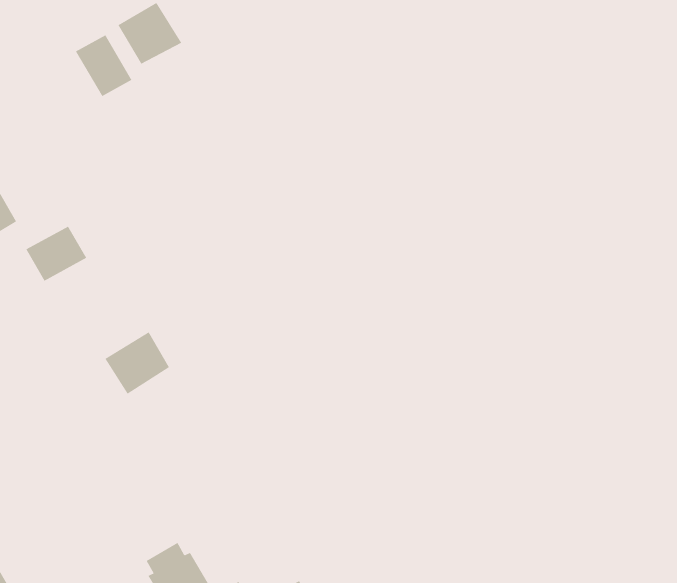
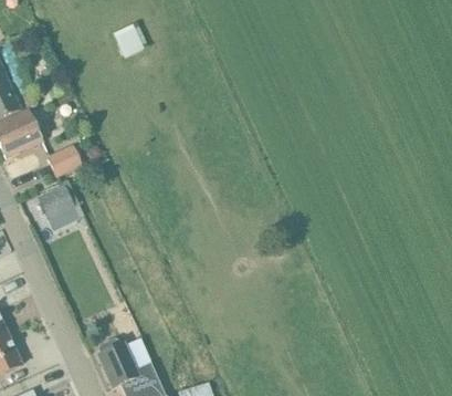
building: [75,34,132,97] -> none
building: [105,331,170,394] -> [38,185,75,220]

